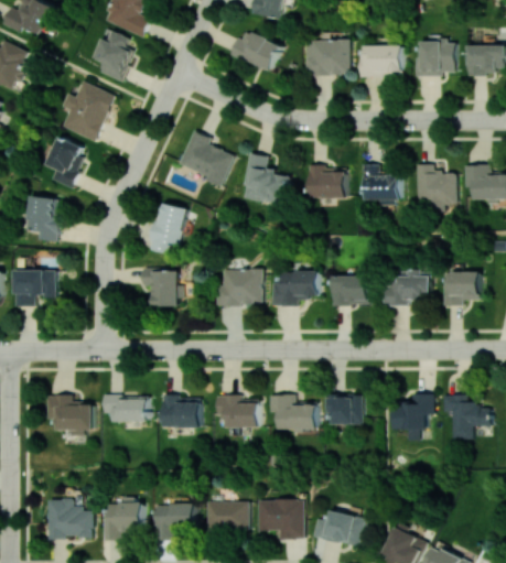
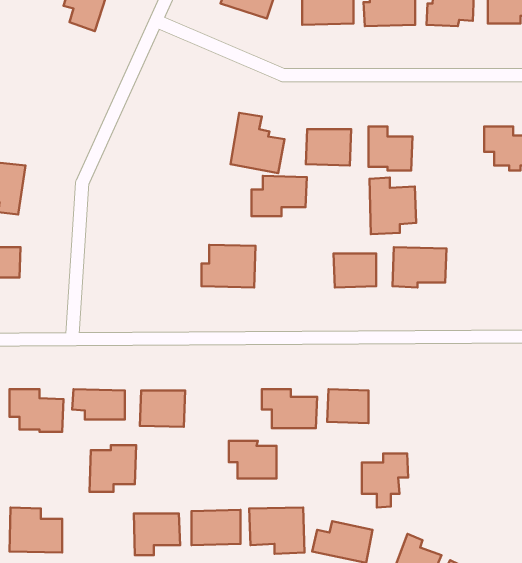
building: [60,80,115,141] -> none
building: [177,130,234,184] -> none
building: [46,138,84,186] -> none
building: [415,163,455,213] -> [370,178,416,234]
building: [148,203,186,253] -> none
building: [142,268,181,306] -> none
building: [270,270,319,305] -> [251,176,307,216]
building: [442,272,480,305] -> none
building: [392,393,433,441] -> [362,454,408,508]
building: [442,393,491,439] -> none
building: [215,394,257,427] -> [229,441,277,478]
building: [103,499,143,540] -> [90,445,136,492]

